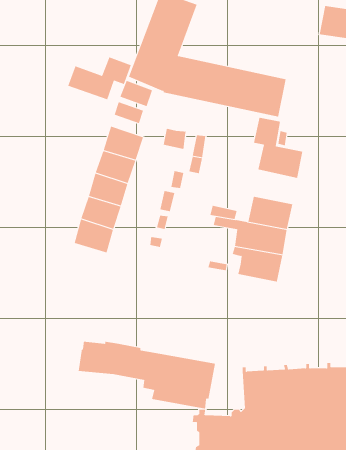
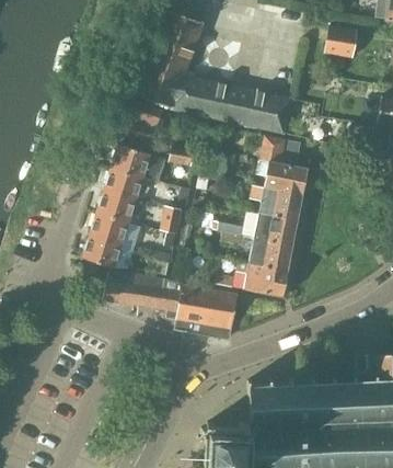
building: [67,57,131,100] -> none
building: none -> [261,187,304,221]
building: [78,341,216,409] -> [104,273,240,340]

